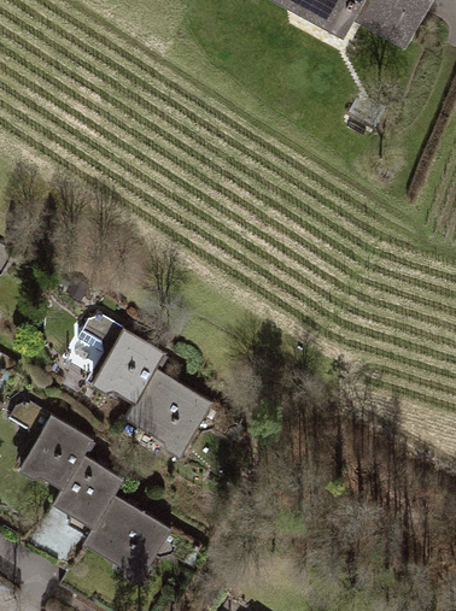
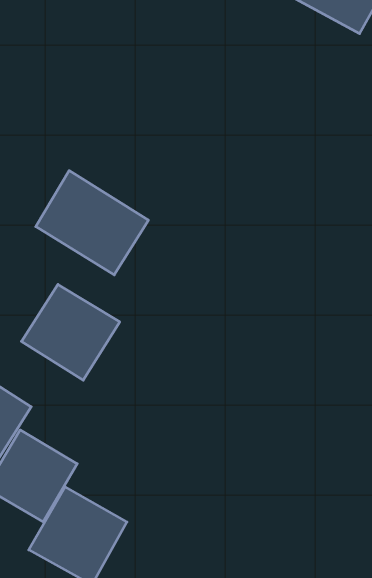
building: none -> [36,171,148,275]
building: [123,359,218,453] -> none

